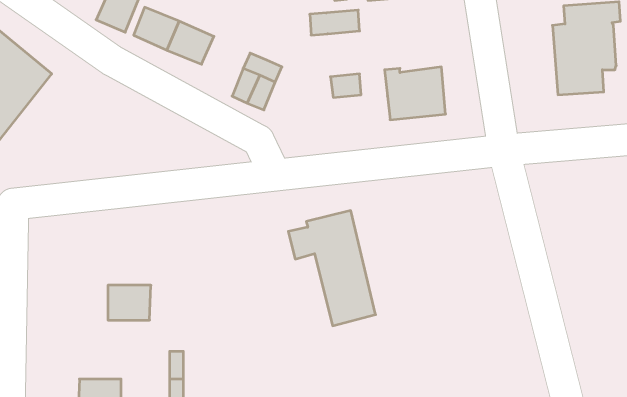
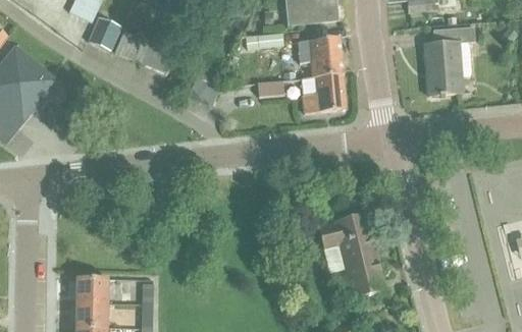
building: none -> [297,38,342,78]
building: [288,211,376,326] -> [319,214,383,298]
building: [108,285,151,320] -> [75,278,107,303]

